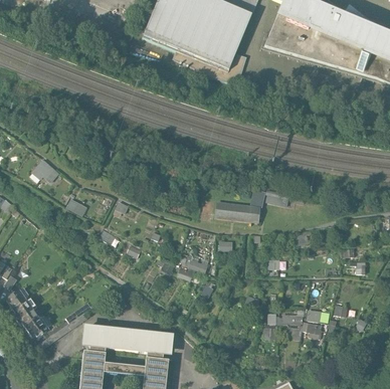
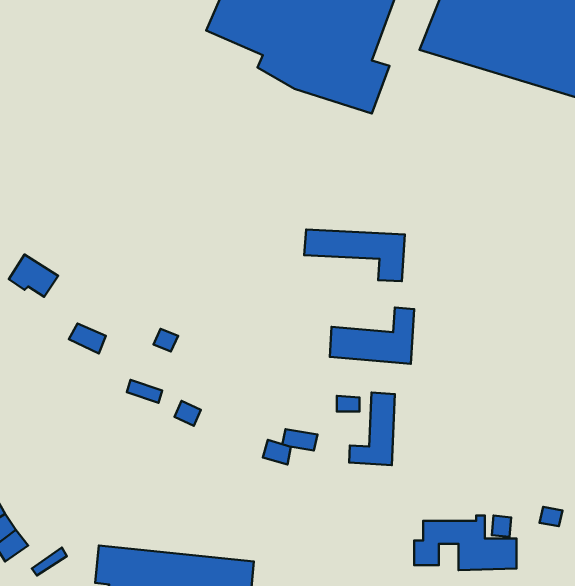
building: none -> [304,230,405,281]
building: none -> [349,392,395,465]

